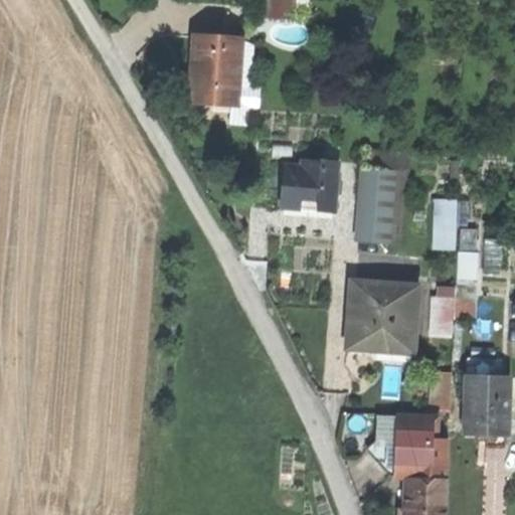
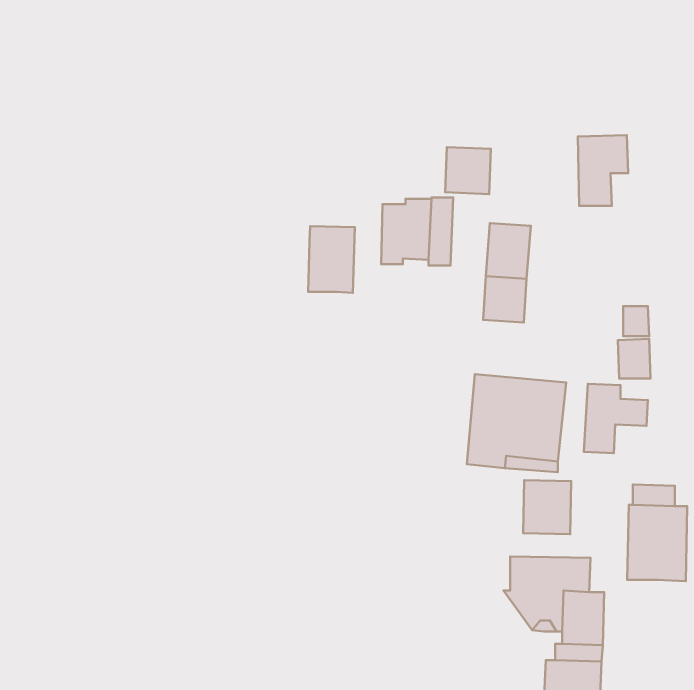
building: [190,37,239,104] -> none
building: none -> [445,147,491,194]
building: none -> [308,226,355,293]
building: [434,200,471,252] -> [578,135,628,206]
building: none -> [523,480,571,534]

